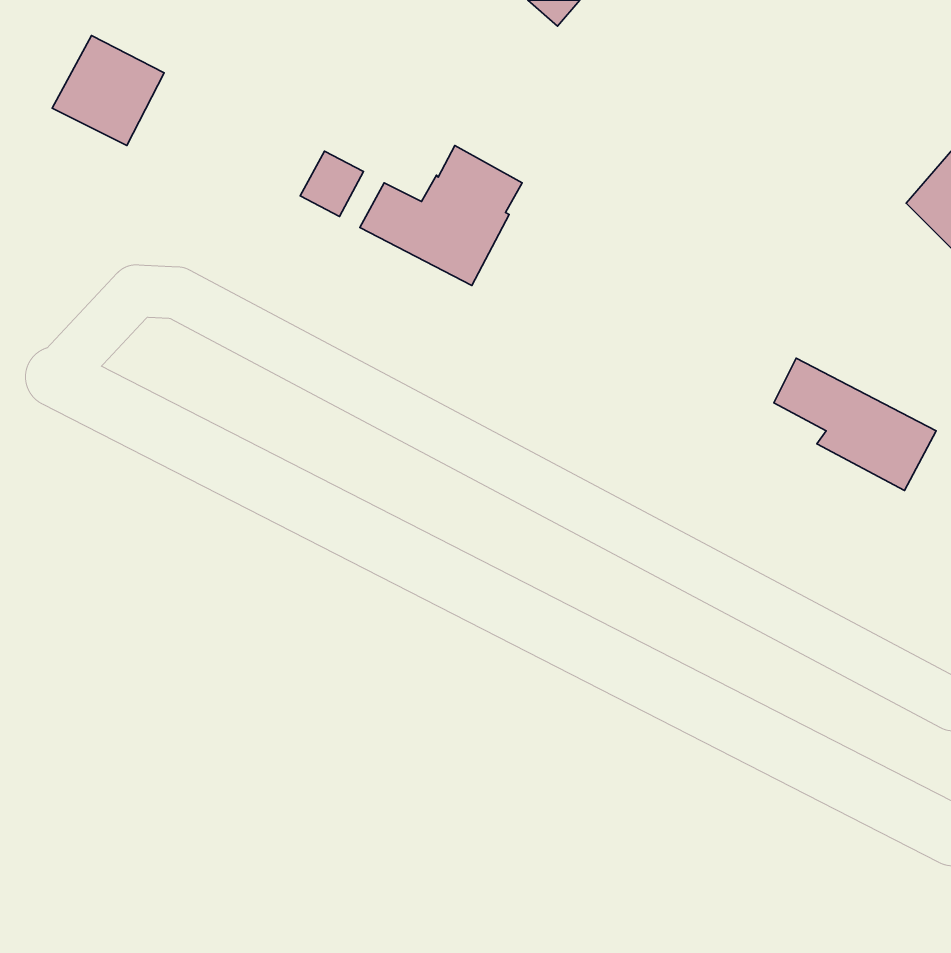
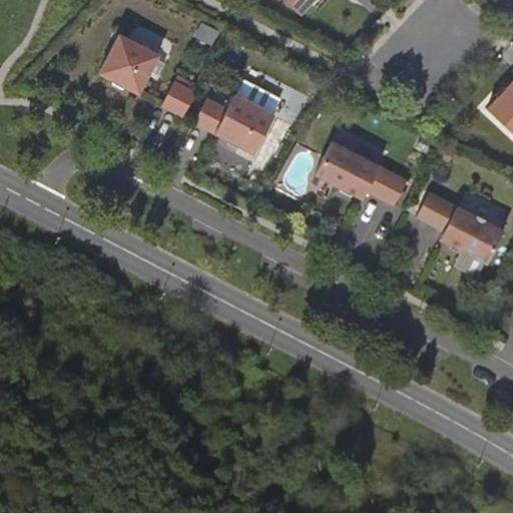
building: [52,35,164,145] -> [99,34,159,93]
building: none -> [316,141,407,205]

